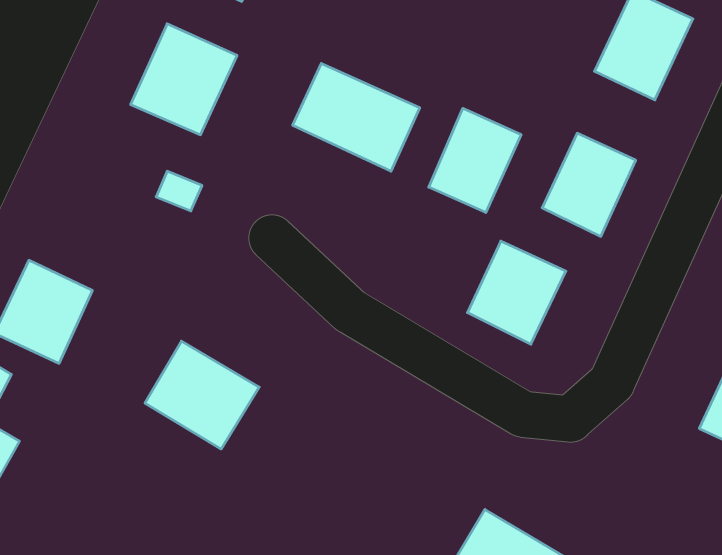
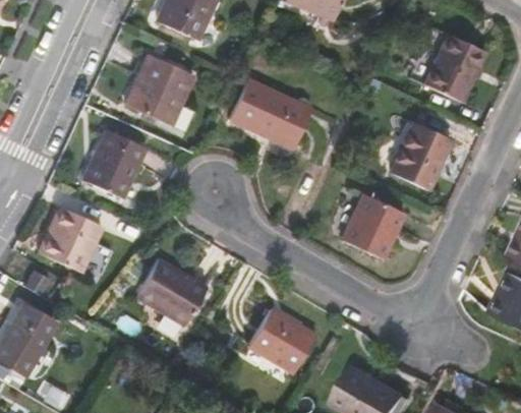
building: [429,108,521,213] -> none
building: none -> [84,131,144,196]
building: none -> [249,307,316,372]

